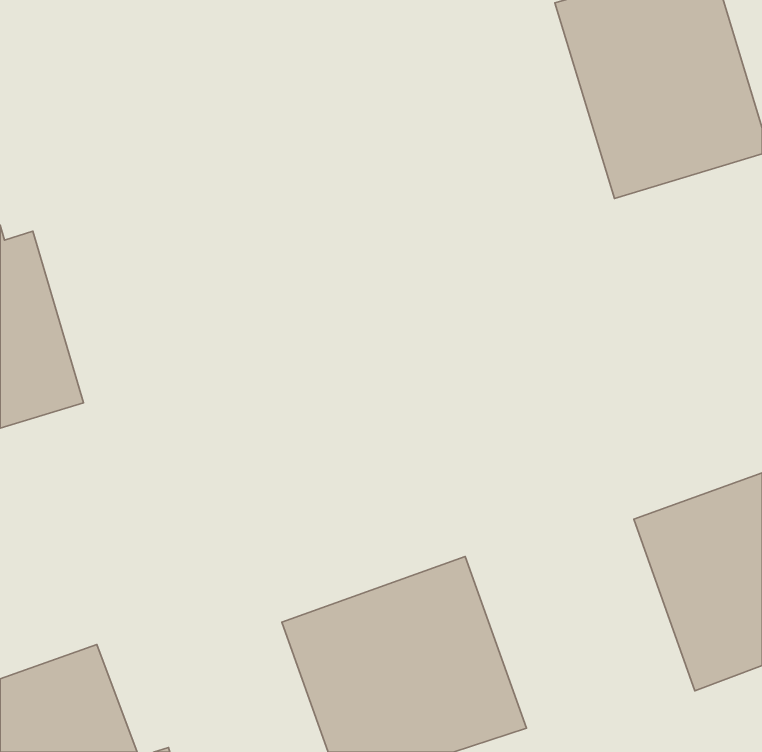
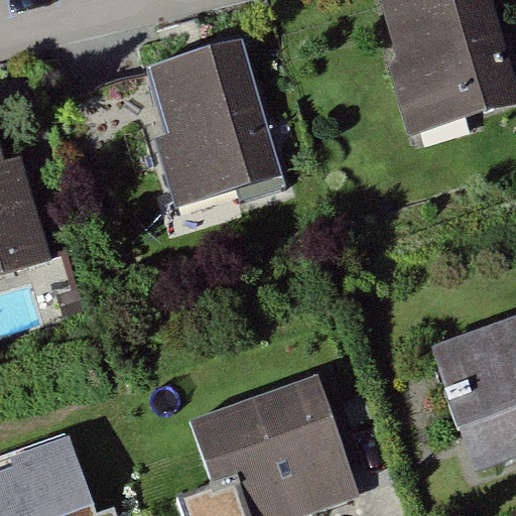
building: none -> [145,40,286,202]

